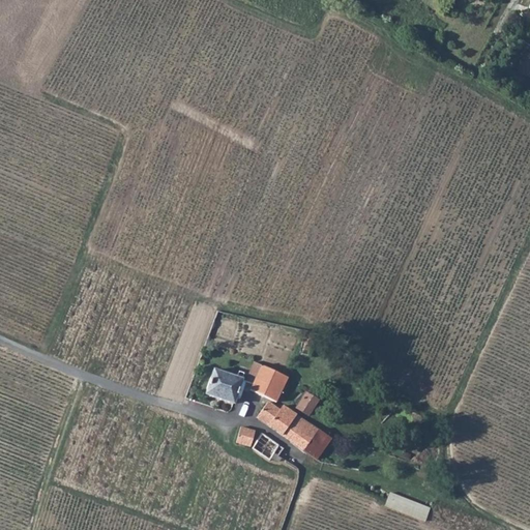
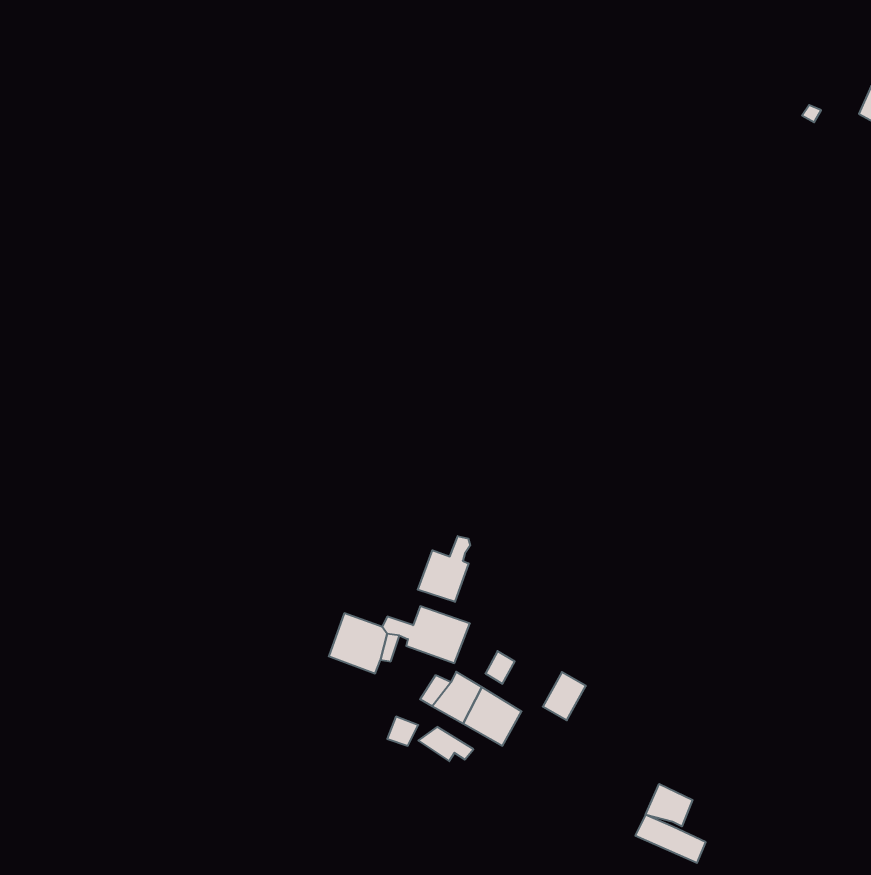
building: none -> [418,536,470,602]
building: [307,428,333,457] -> [543,672,586,720]
building: none -> [646,784,693,826]

